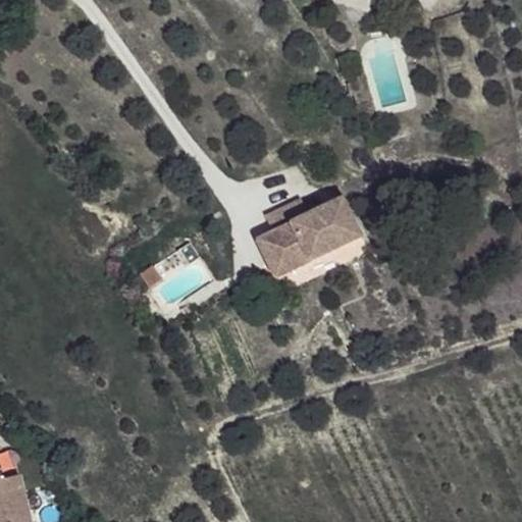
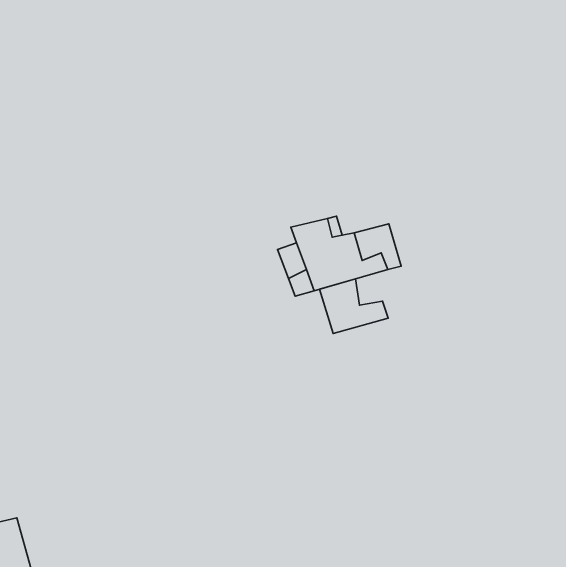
building: none -> [319,279,388,333]

